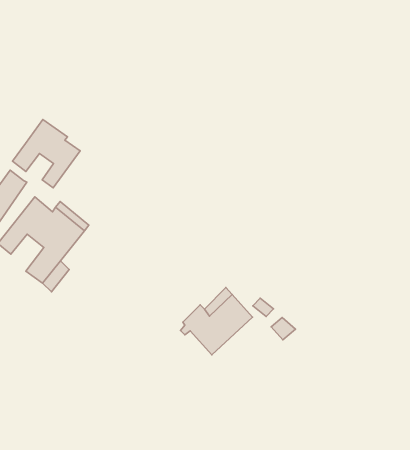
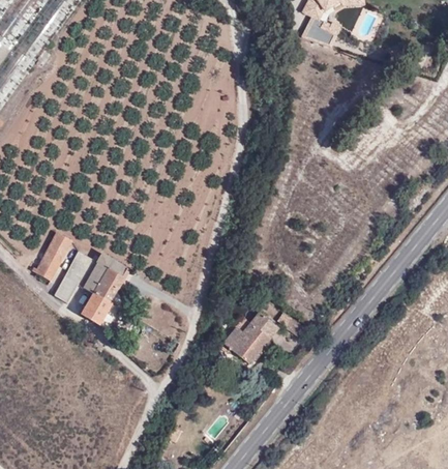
building: [13,119,80,188] -> none

